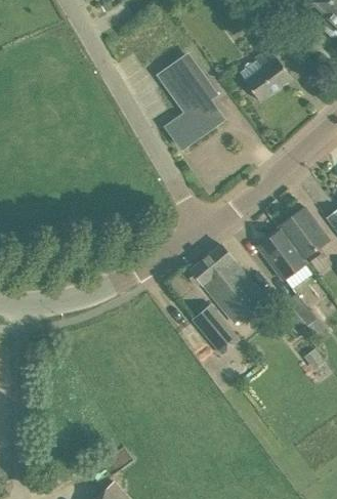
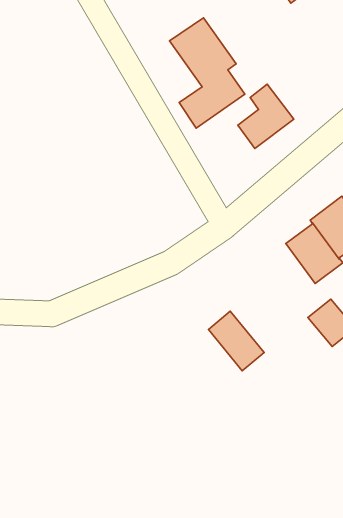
building: [244,47,291,101] -> [238,84,294,148]
building: [189,244,264,323] -> none

